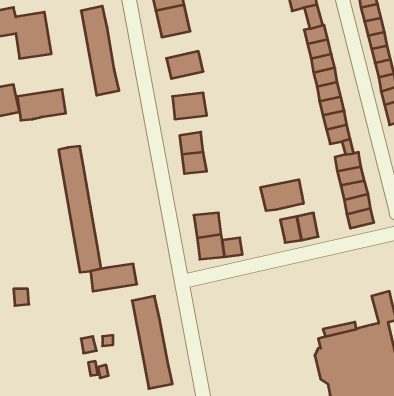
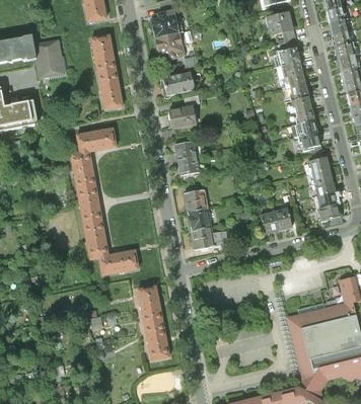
building: [17,89,66,120] -> [76,127,118,153]
building: [261,180,303,211] -> none
building: none -> [185,189,208,211]

